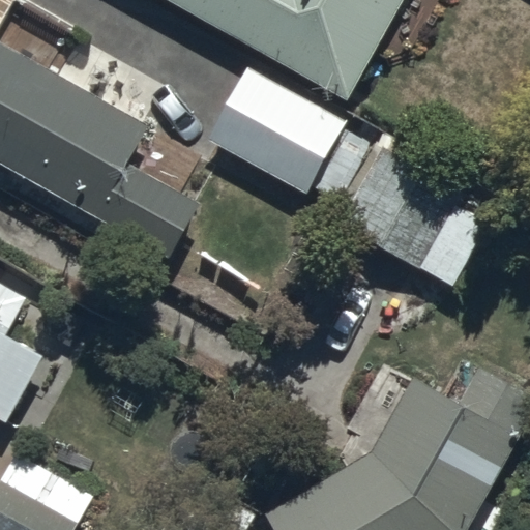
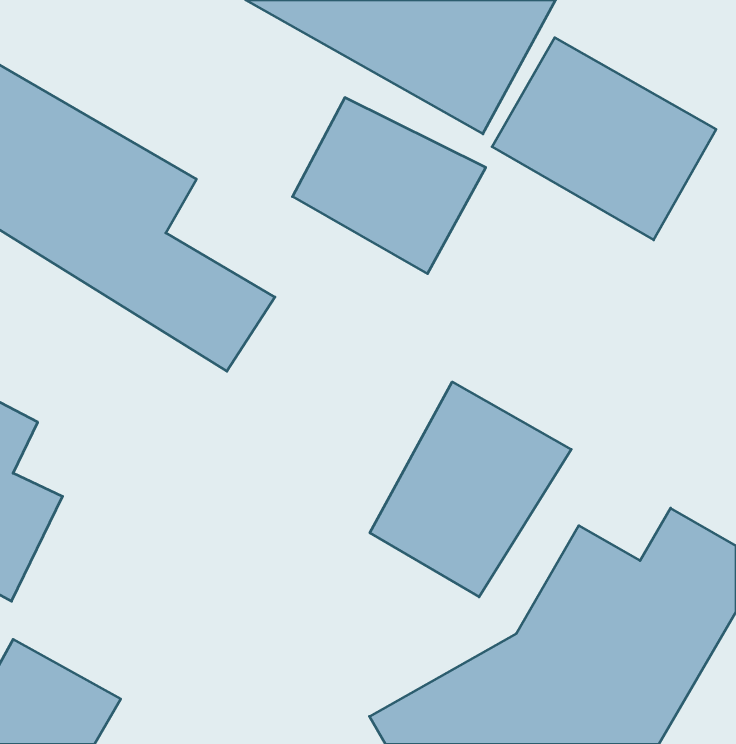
building: [338,144,498,288] -> [492,38,716,240]
building: none -> [370,382,571,597]

